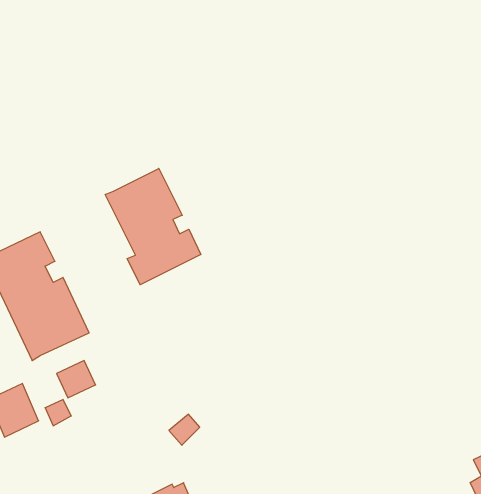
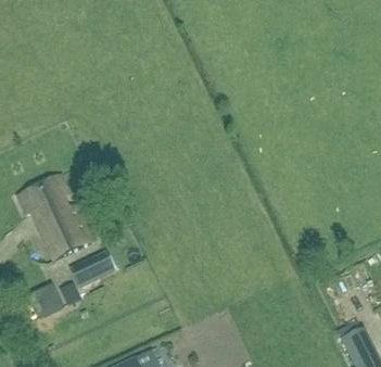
building: [105,168,201,285] -> none

